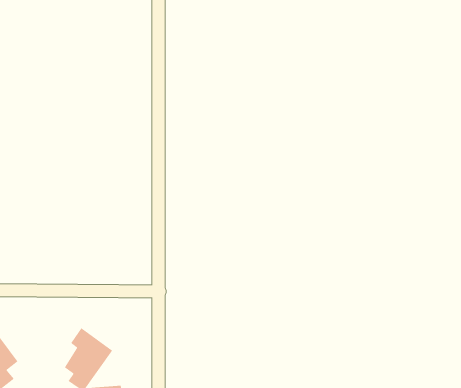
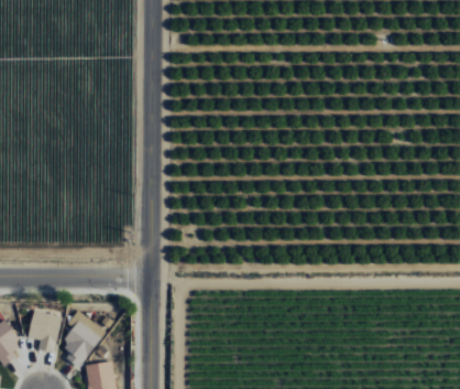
building: none -> [28,310,63,353]

